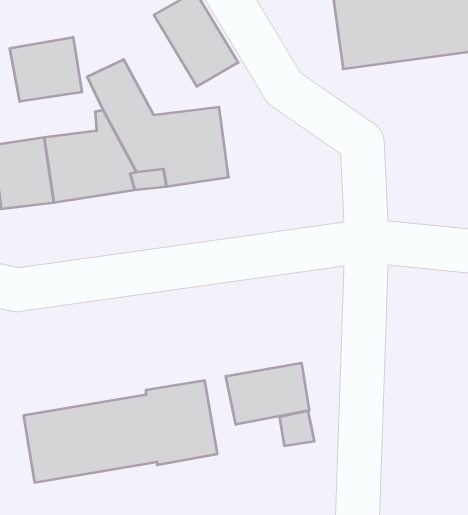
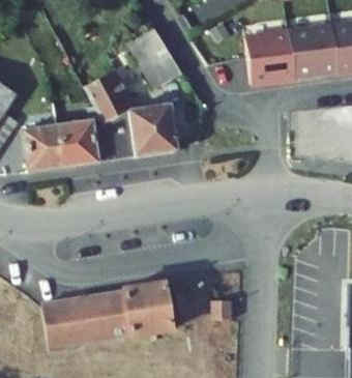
building: [10,37,82,102] -> none
building: [226,363,309,425] -> none

